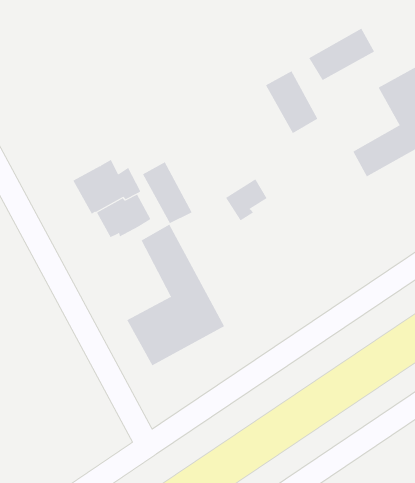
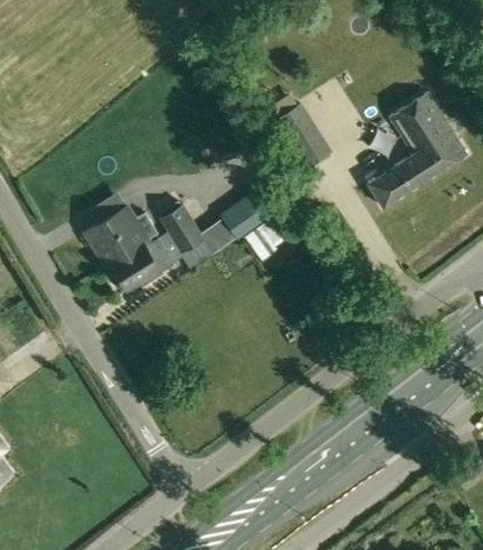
building: [309,28,375,81] -> none
building: none -> [220,192,271,239]
building: [127,224,225,366] -> none

